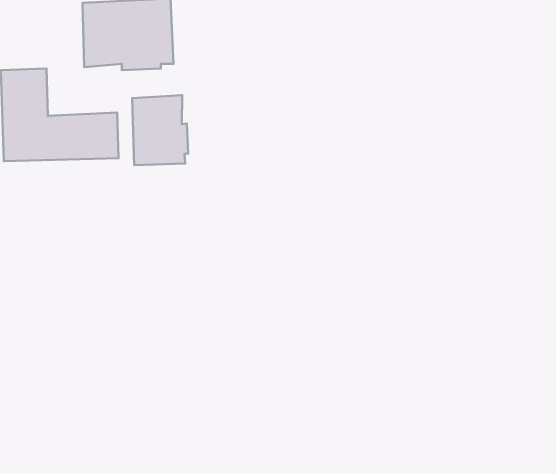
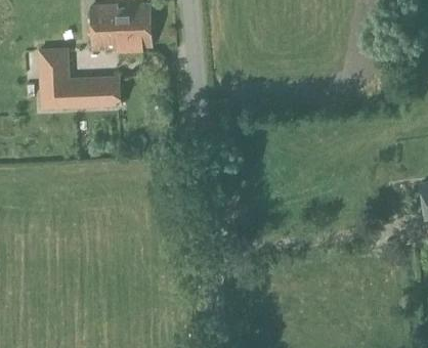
building: [132,95,188,165] -> none

